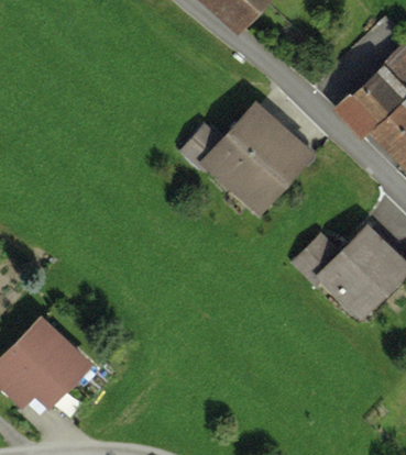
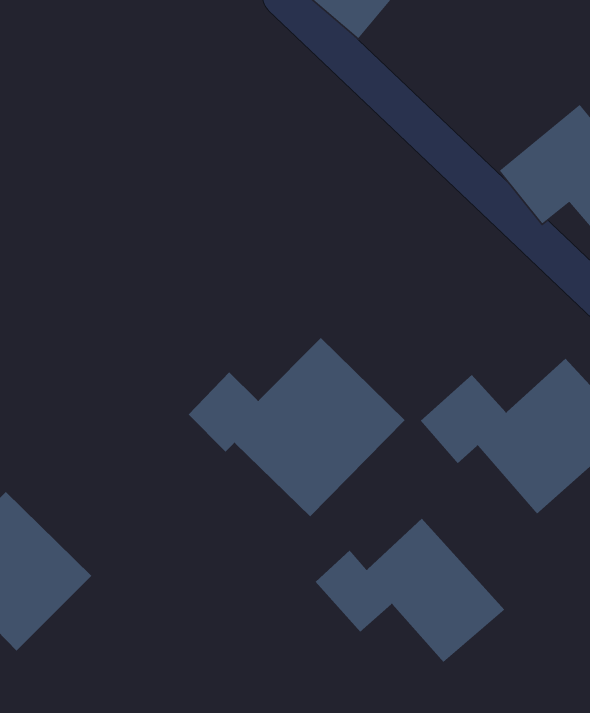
building: [180,104,314,214] -> [188,337,406,517]
building: none -> [315,518,505,663]

